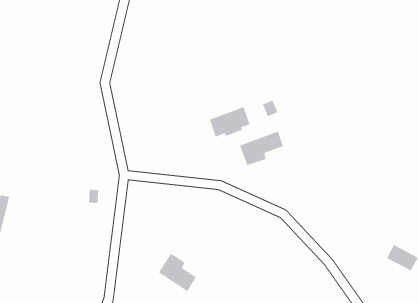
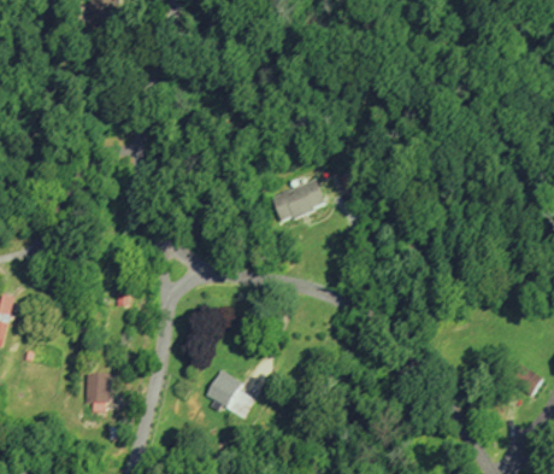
building: [239,130,284,166] -> none
building: none -> [86,371,111,403]

